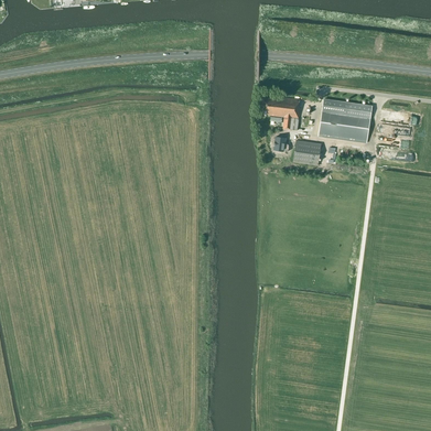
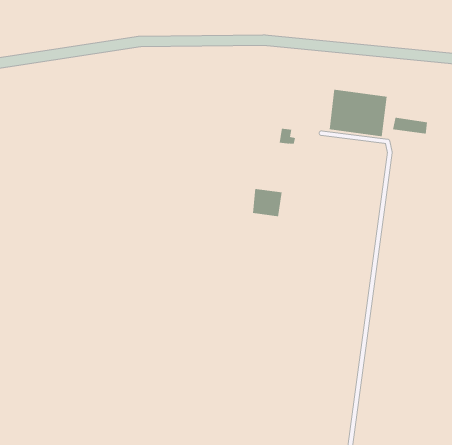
building: [260,96,299,129] -> none
building: [292,139,320,164] -> [252,189,283,217]

